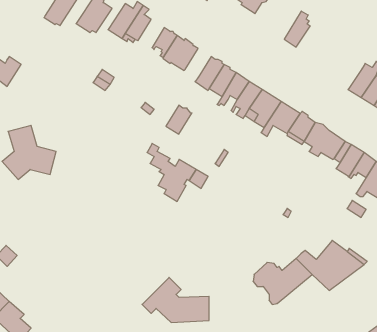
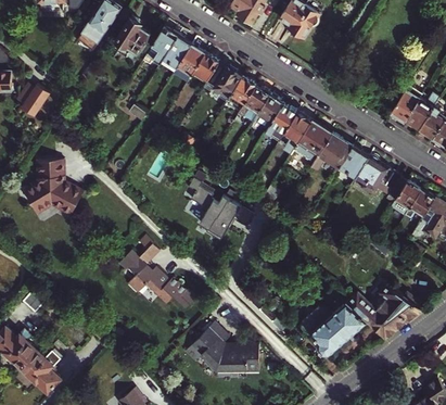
building: [284,11,310,47] -> [392,81,420,121]
building: none -> [173,41,205,81]
building: [166,105,192,134] -> [228,76,256,107]
building: none -> [129,241,187,307]

